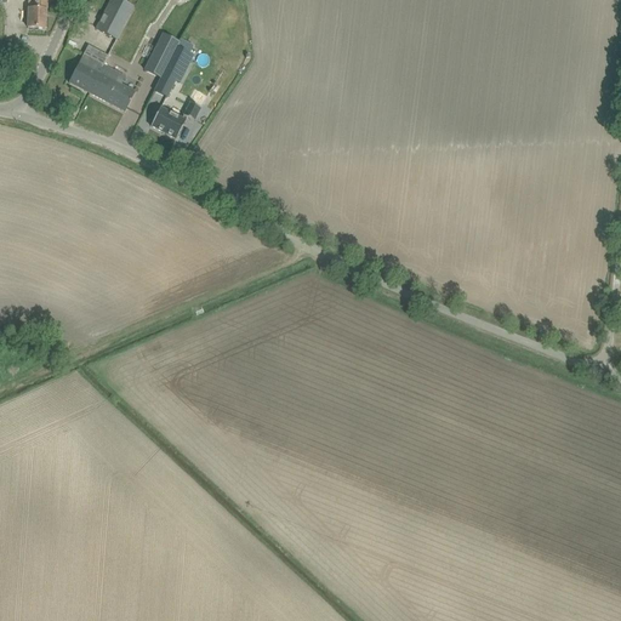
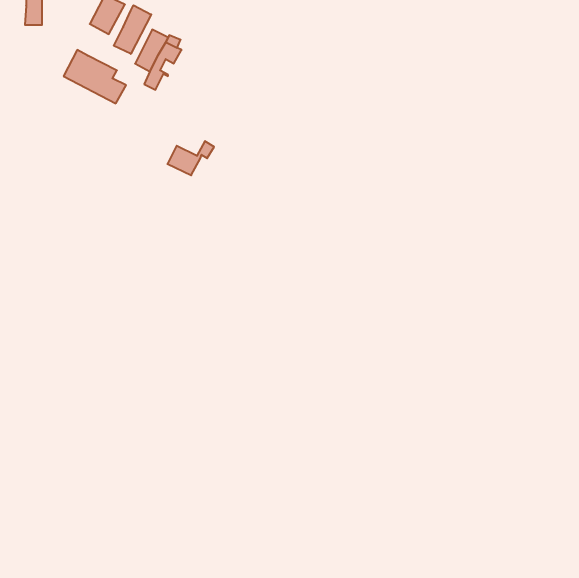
building: none -> [114,5,151,54]
building: [152,101,201,137] -> [167,141,214,175]

